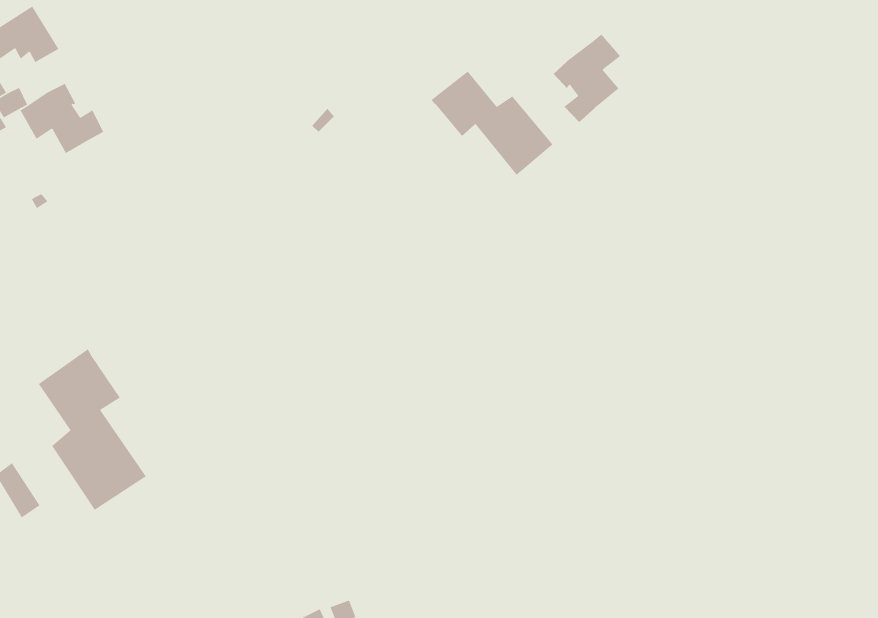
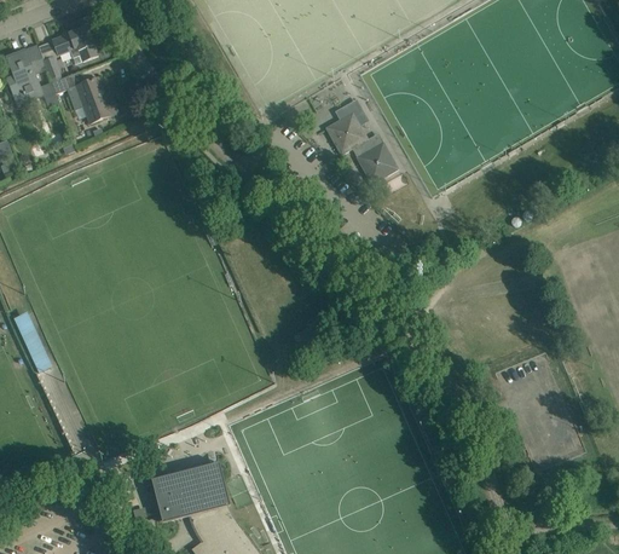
building: [553,34,621,123] -> none
building: [38,348,147,511] -> none

